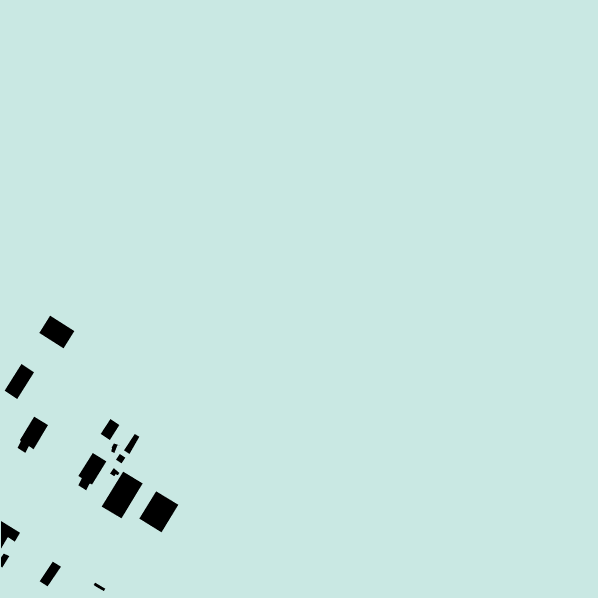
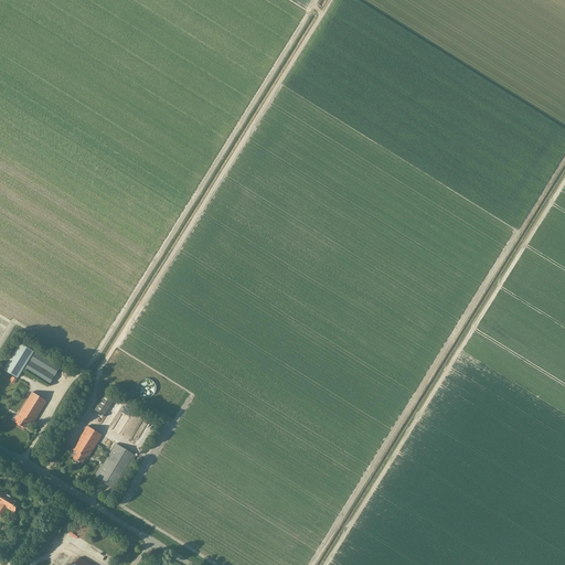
building: [38,315,76,350] -> [24,352,60,385]
building: [138,490,179,534] -> none

